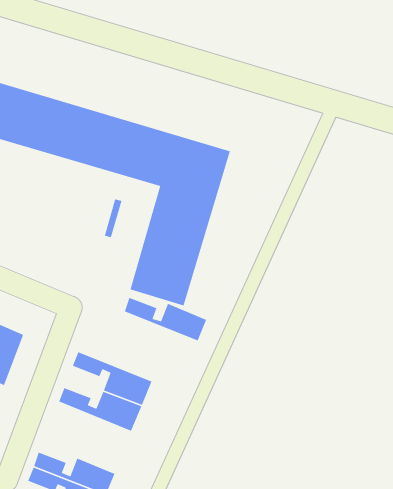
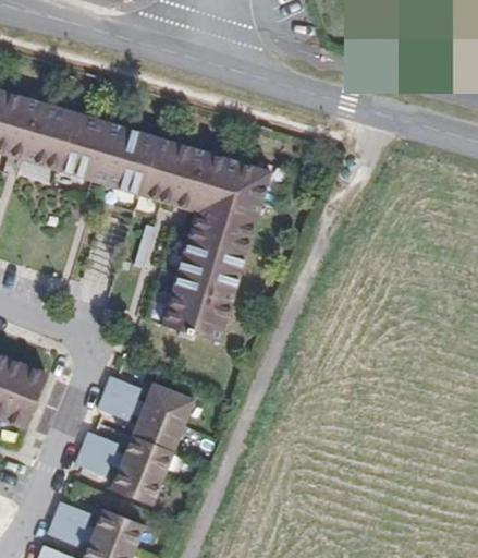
building: [124,297,207,341] -> [103,375,195,424]
building: none -> [75,447,162,505]

